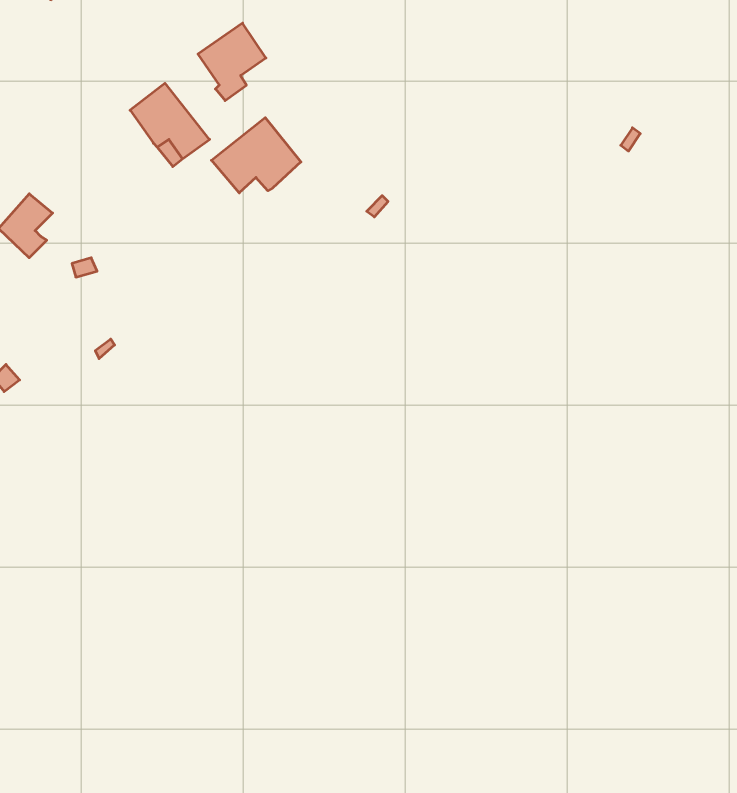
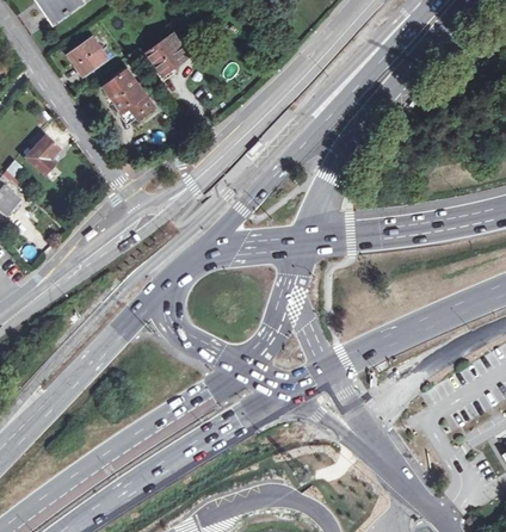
building: none -> [69,37,107,73]
building: [211,118,301,193] -> none

